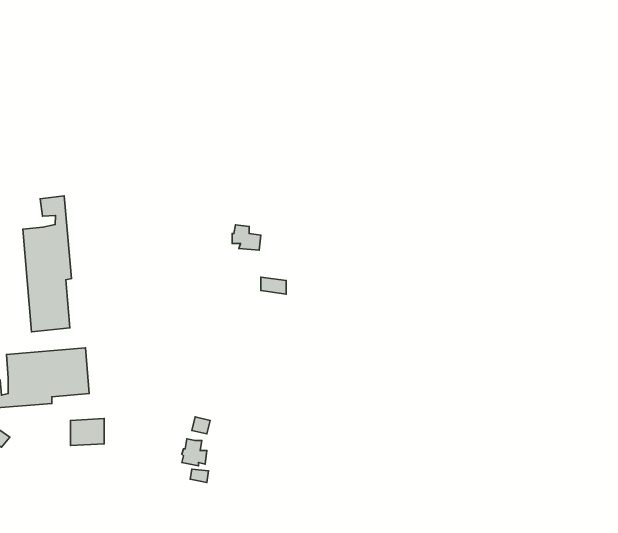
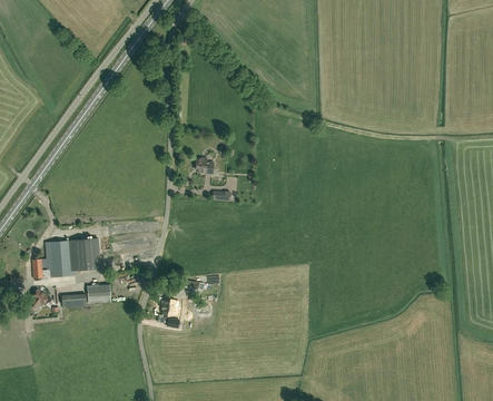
building: [23,196,72,332] -> none

